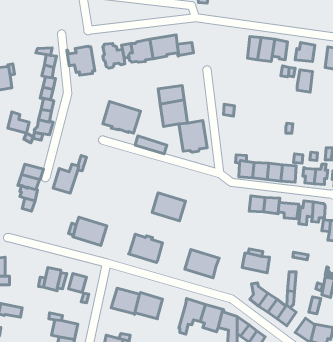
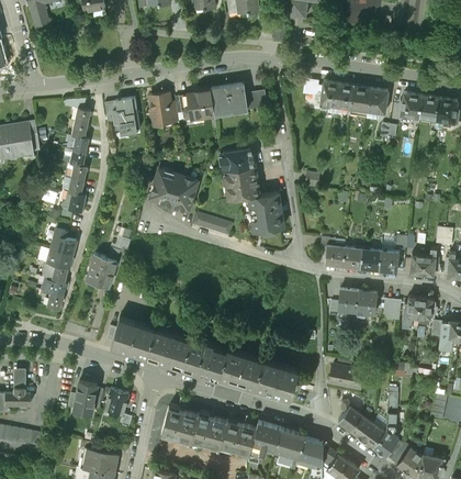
building: none -> [317,82,339,113]
building: [297,70,313,92] -> [419,97,439,125]
building: [8,112,29,133] -> [50,229,78,256]
building: [152,193,186,221] -> [221,348,263,385]
building: none -> [148,328,192,365]
building: none -> [221,421,257,458]

